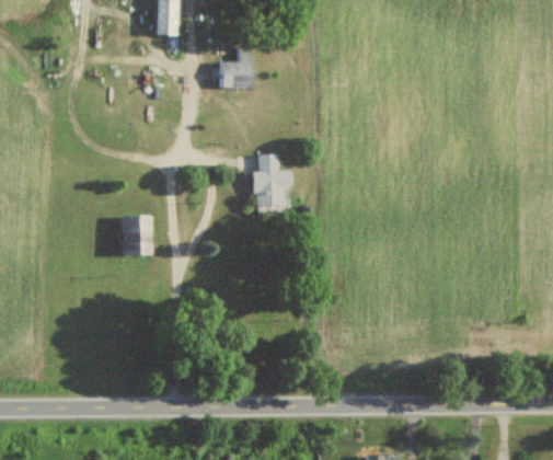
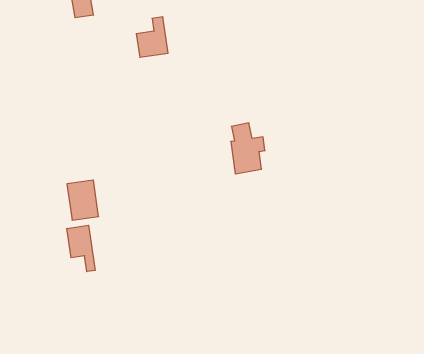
building: [256,153,292,207] -> [231,123,265,174]
building: none -> [67,225,95,272]

